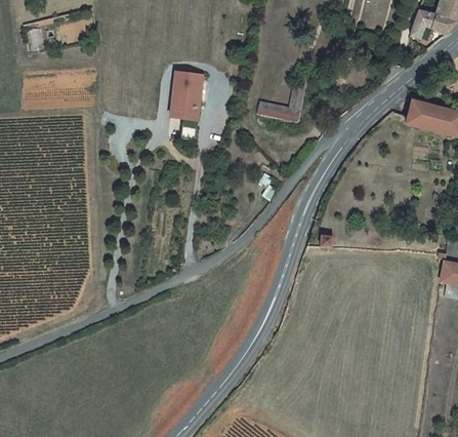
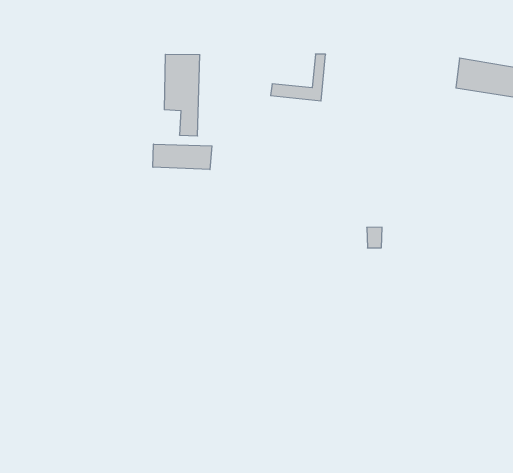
building: none -> [153,144,212,170]

